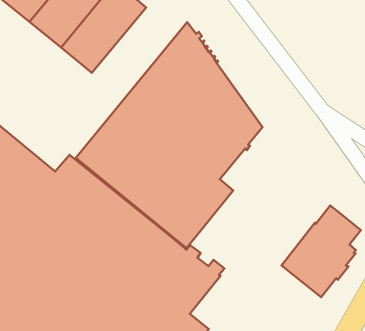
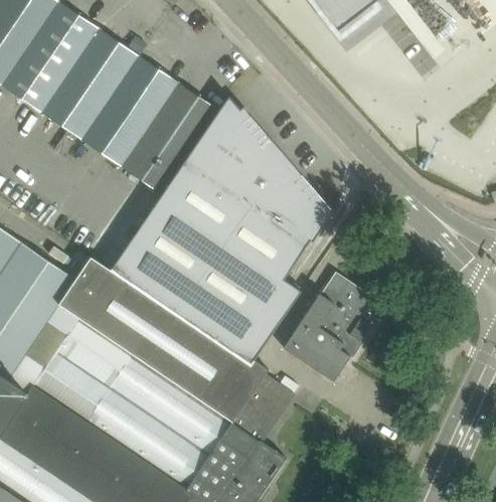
building: none -> [121,82,218,193]
building: [282,206,361,297] -> [284,271,374,380]

